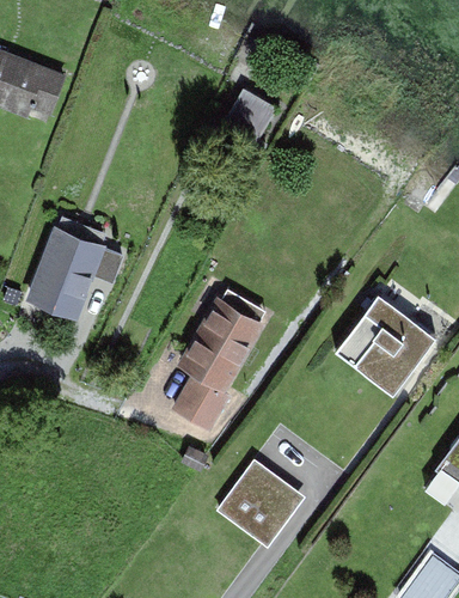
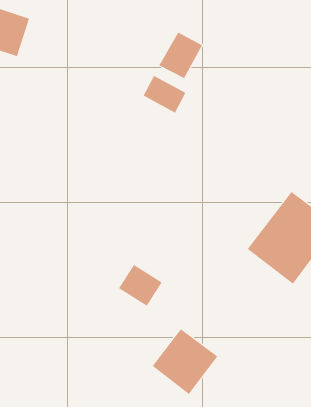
building: none -> [143,75,186,113]
building: [30,226,105,319] -> none
building: [182,298,263,390] -> none

